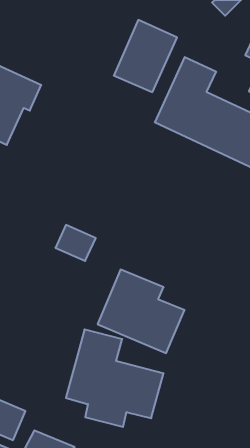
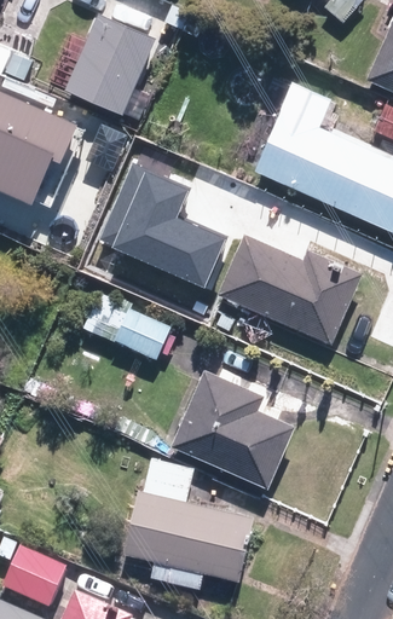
building: [114,20,177,92] -> [58,16,145,115]
building: none -> [93,167,221,289]
building: none -> [224,236,365,343]

